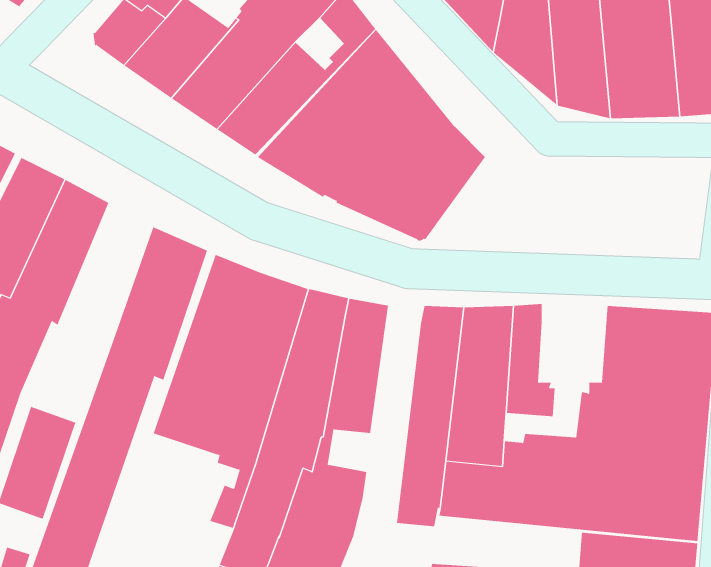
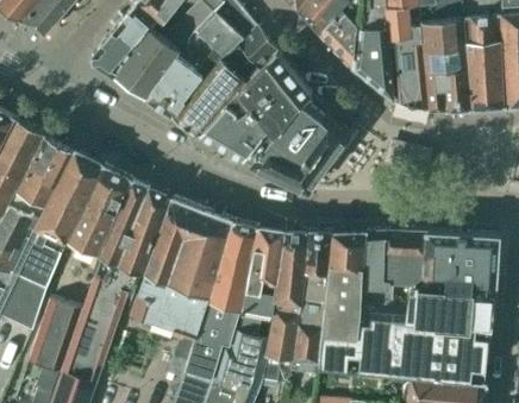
building: none -> [70,164,132,257]
building: none -> [383,229,427,288]
building: none -> [263,231,308,384]

